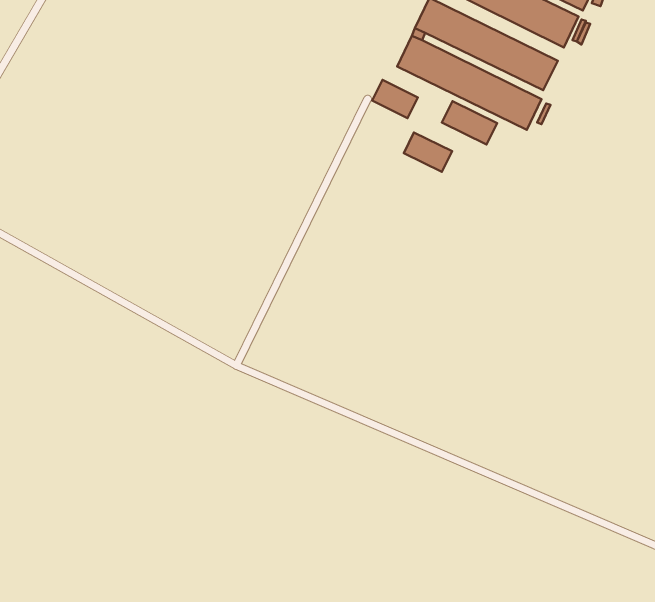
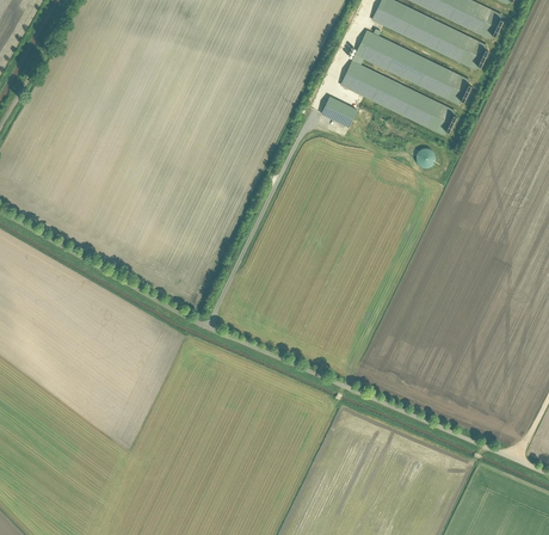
building: [442,101,497,145] -> none
building: [404,132,452,172] -> none

